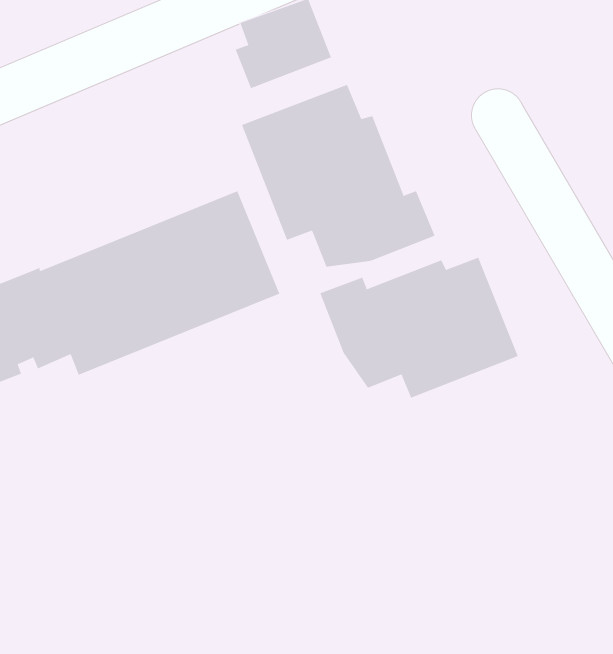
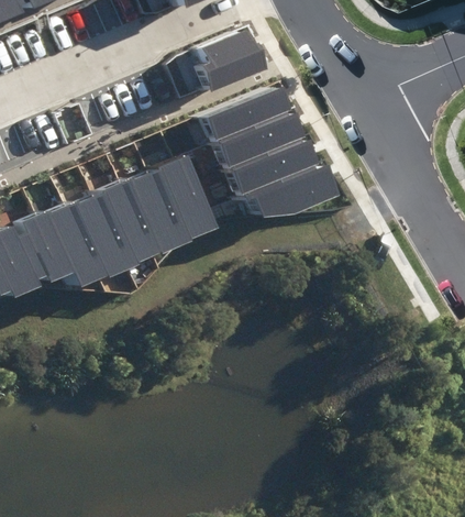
building: [319,257,519,399] -> none

